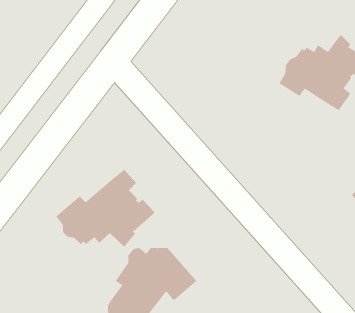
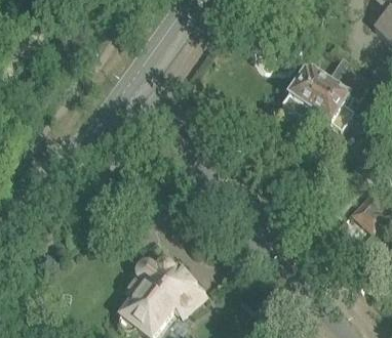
building: [55,169,156,247] -> none

